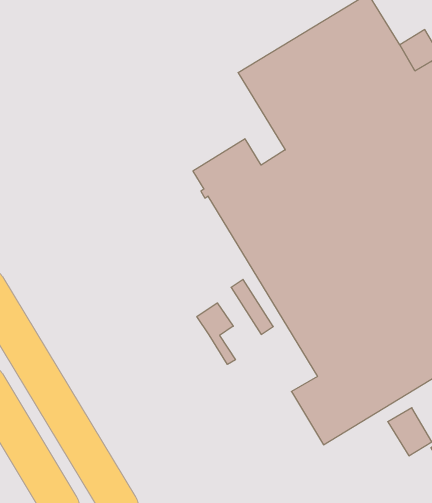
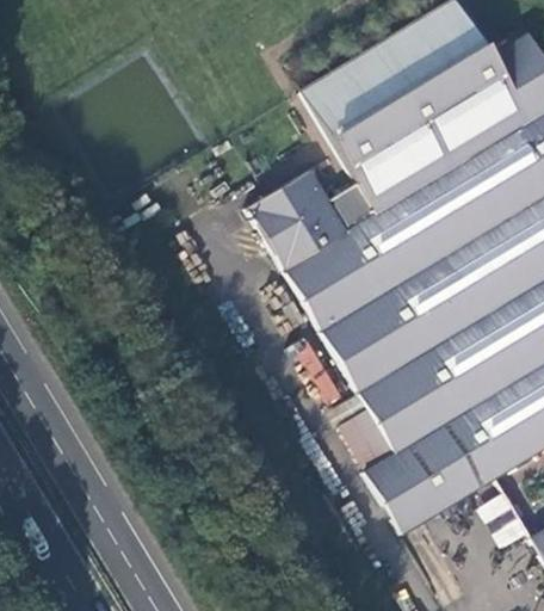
building: [197,303,235,364] -> none

